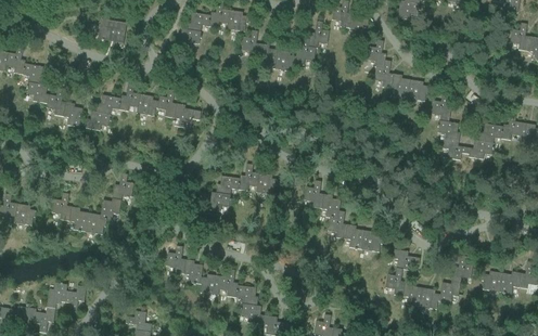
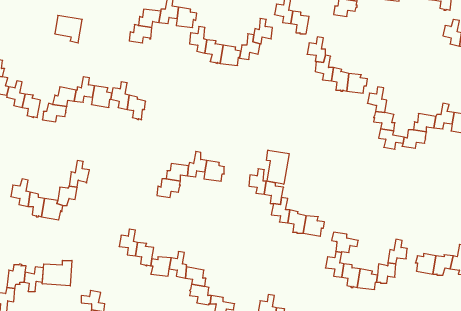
building: none -> [267,150,289,184]
building: none -> [42,260,72,286]

